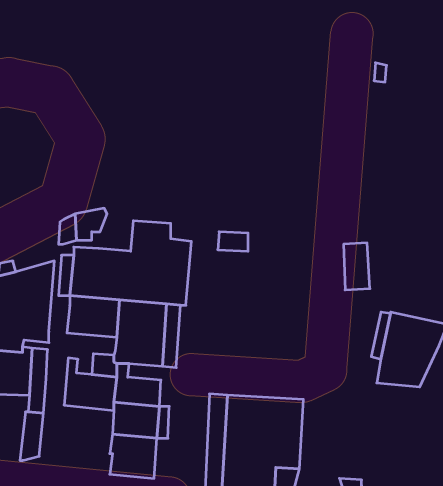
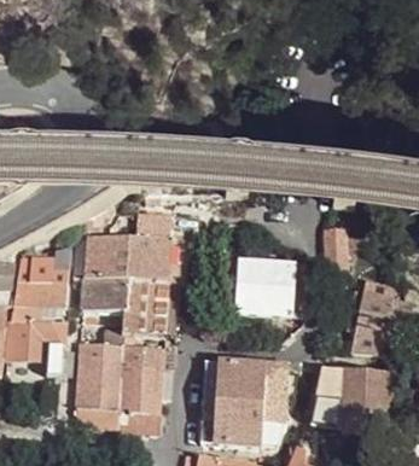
building: none -> [238,250,307,318]
building: none -> [309,369,386,435]
building: none -> [74,371,121,431]

